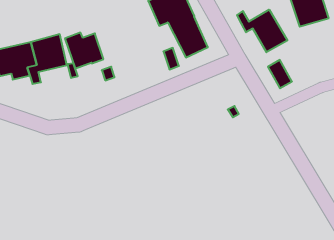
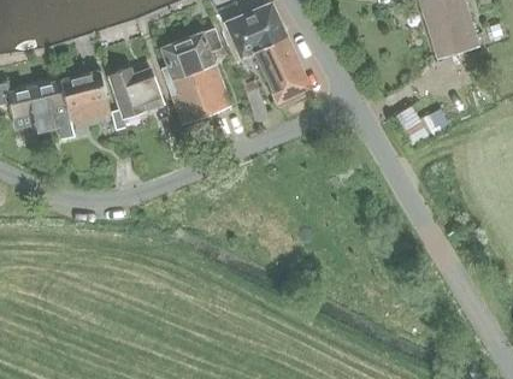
building: none -> [161,28,231,124]
building: [237,10,287,52] -> none

